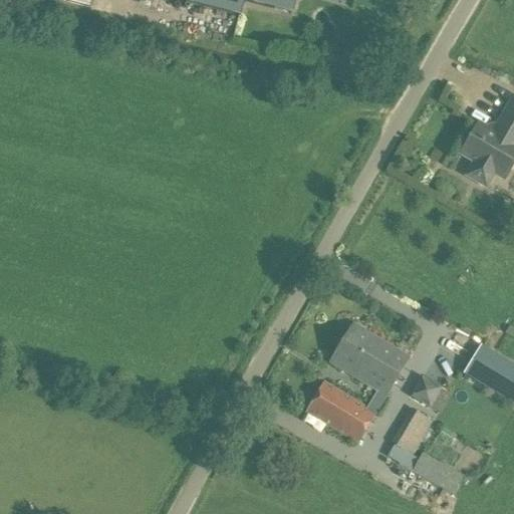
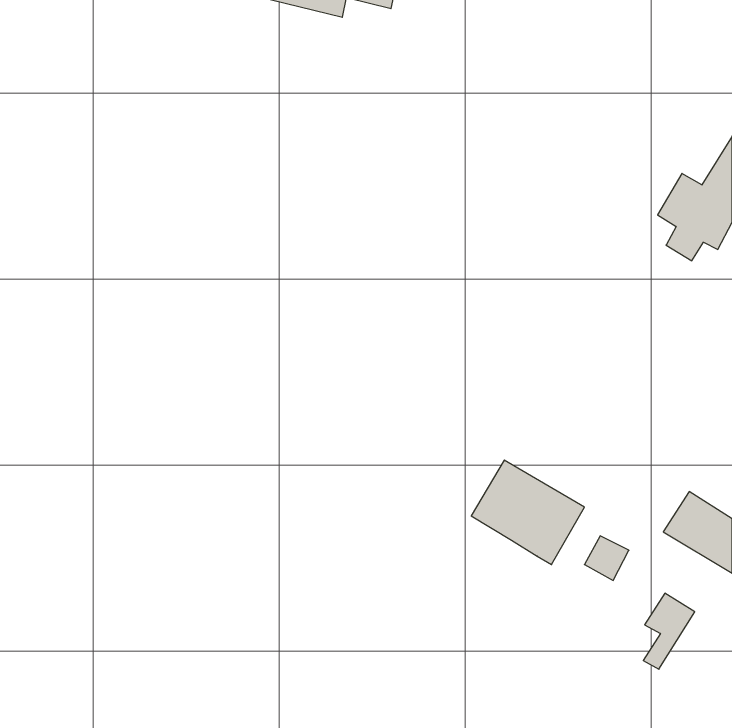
building: [306,380,387,441] -> none
building: [390,407,432,455] -> none
building: [411,450,465,494] -> none

